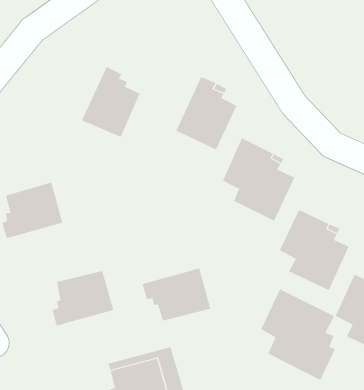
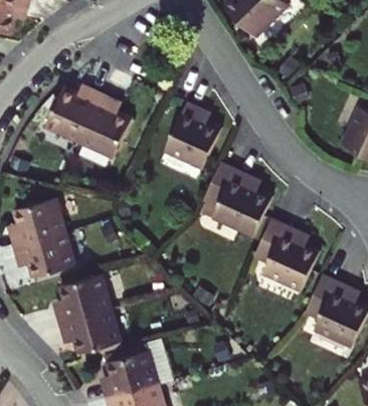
building: none -> [47,88,102,144]
building: none -> [13,234,73,282]
building: [142,268,211,321] -> [57,312,119,359]
building: [261,288,335,381] -> none

